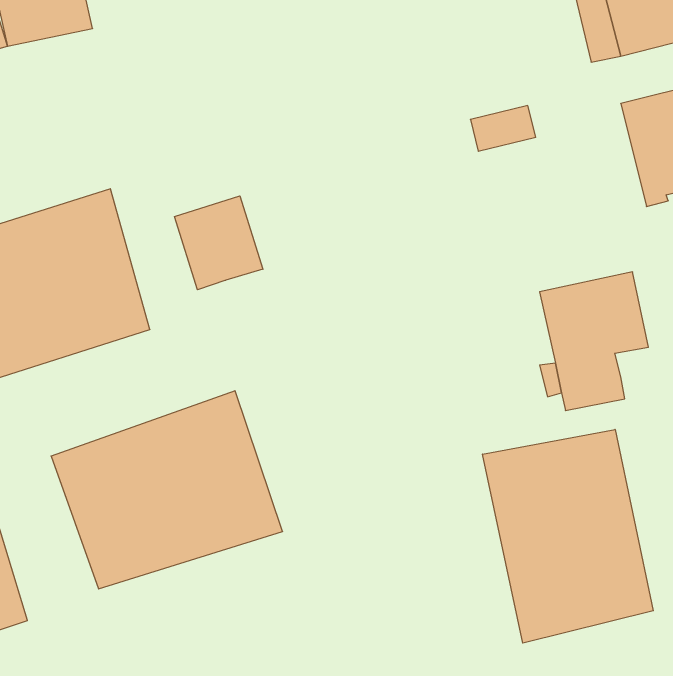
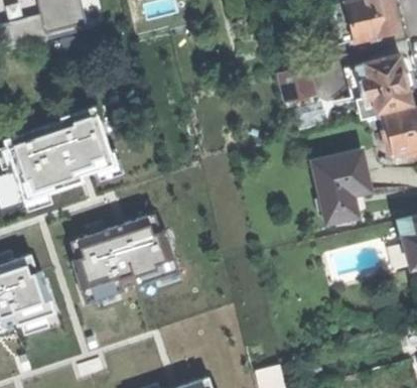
building: [174,196,263,290] -> none
building: [483,429,653,643] -> none

